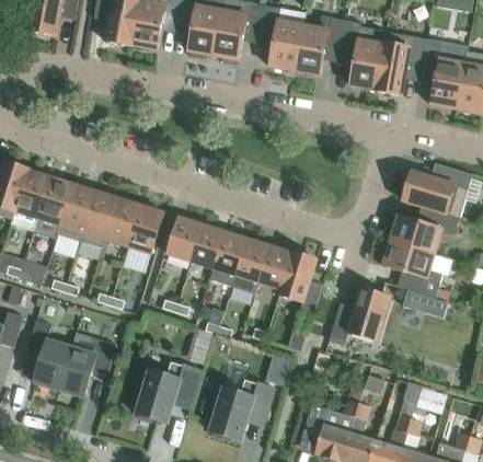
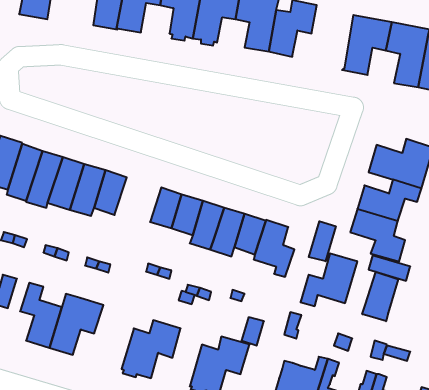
building: [341,20,386,89] -> none
building: [128,206,164,253] -> none
building: none -> [309,221,336,261]
building: none -> [362,272,398,321]

